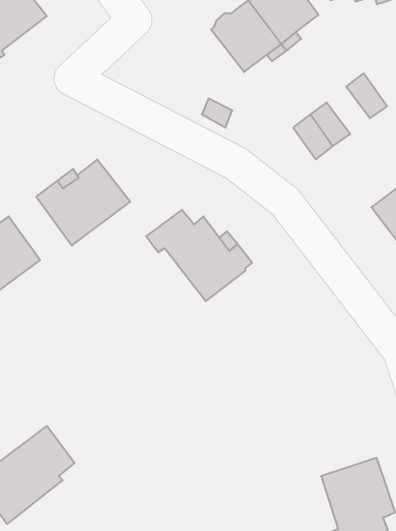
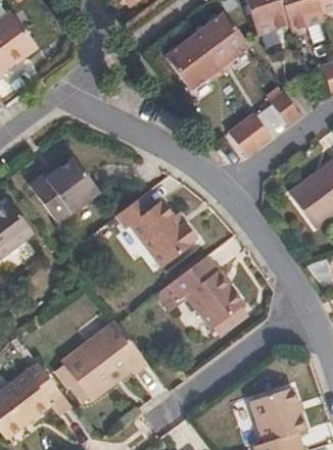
building: none -> [167,256,242,329]
building: none -> [60,318,148,399]

